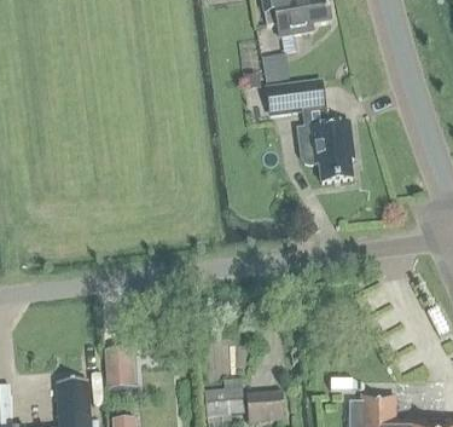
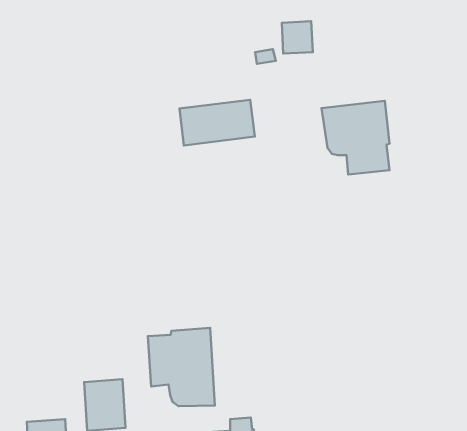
building: [263,81,325,119] -> [180,100,255,145]
building: none -> [148,328,215,406]

